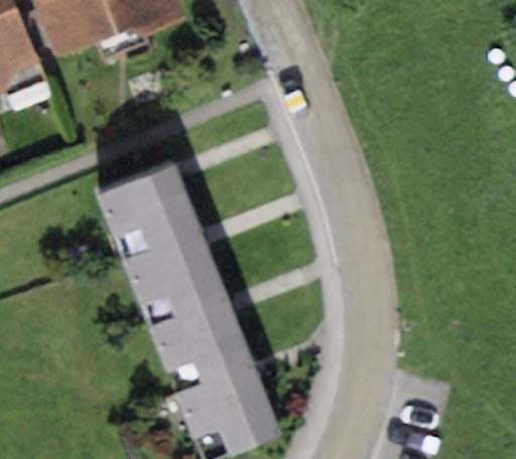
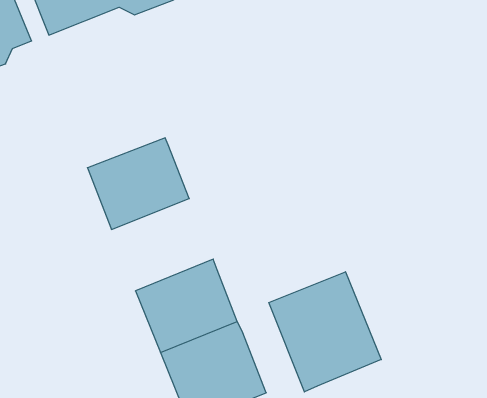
building: [119,225,226,322] -> none
building: none -> [269,272,381,392]

